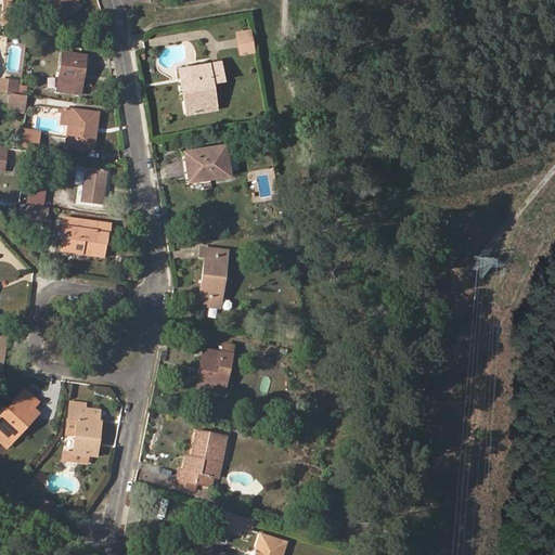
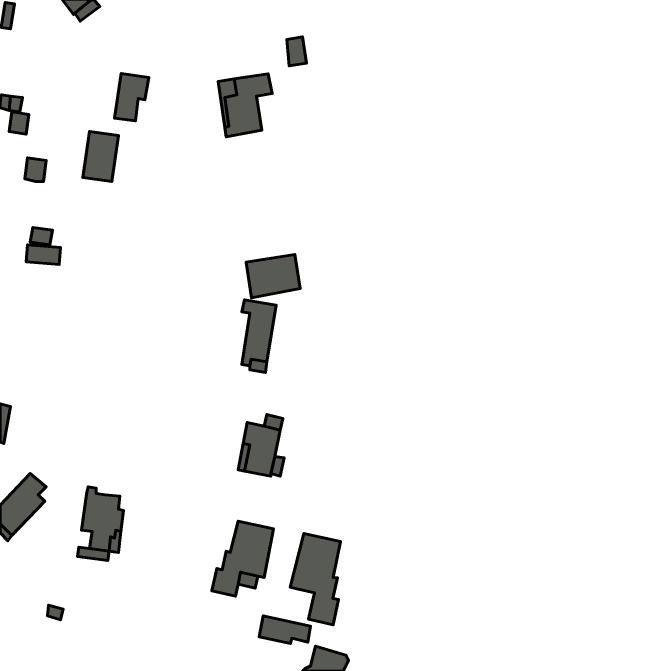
building: [57,52,86,91] -> [114,73,149,121]
building: [185,143,230,179] -> [246,254,300,298]
building: [80,168,107,204] -> none
building: [60,218,109,255] -> none
building: none -> [290,533,340,625]

